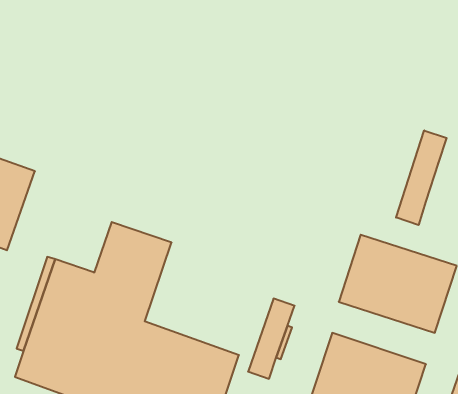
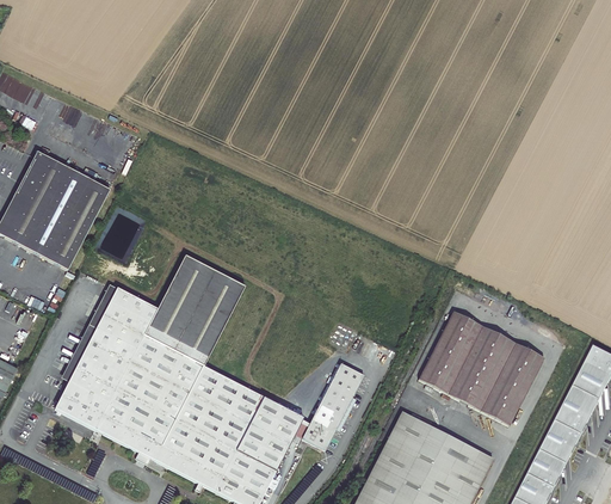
building: [396,130,447,225] -> none

